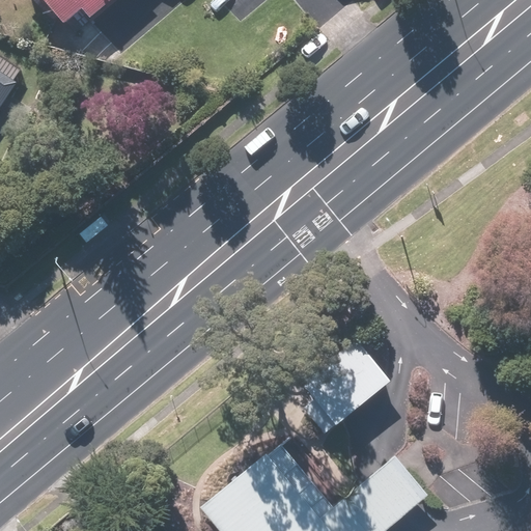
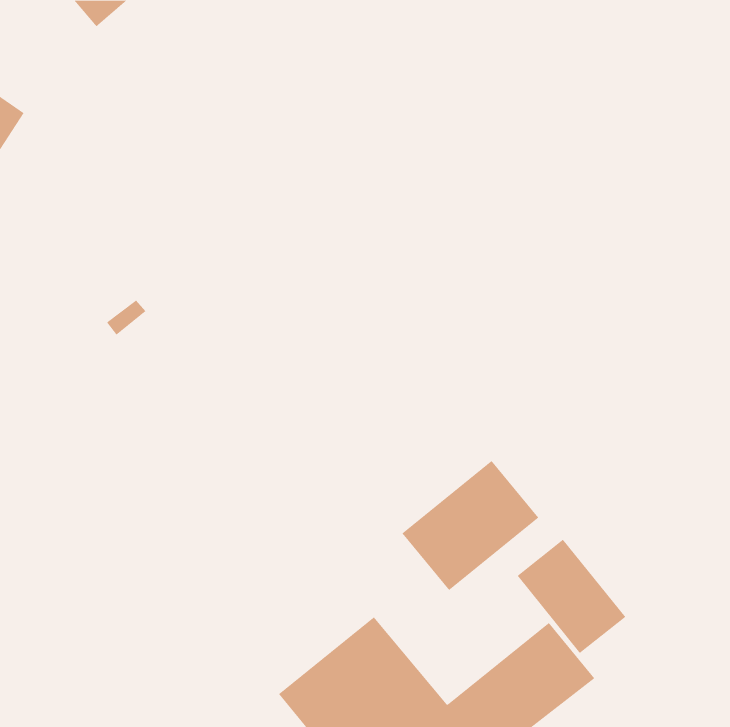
building: none -> [517,539,626,654]

